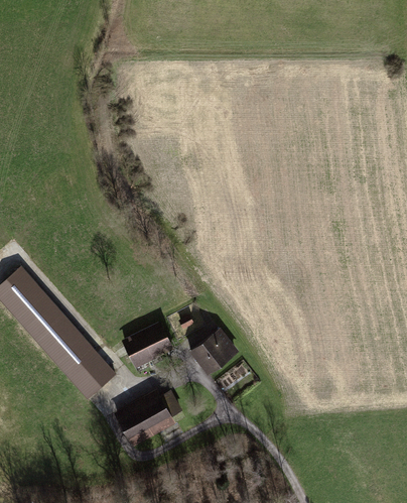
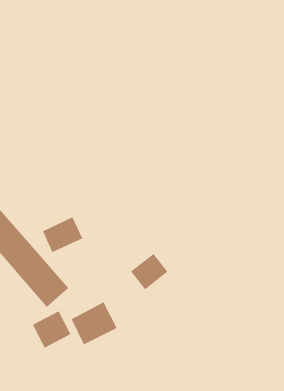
building: [123,322,174,367] -> [42,217,83,253]
building: none -> [32,311,71,349]

